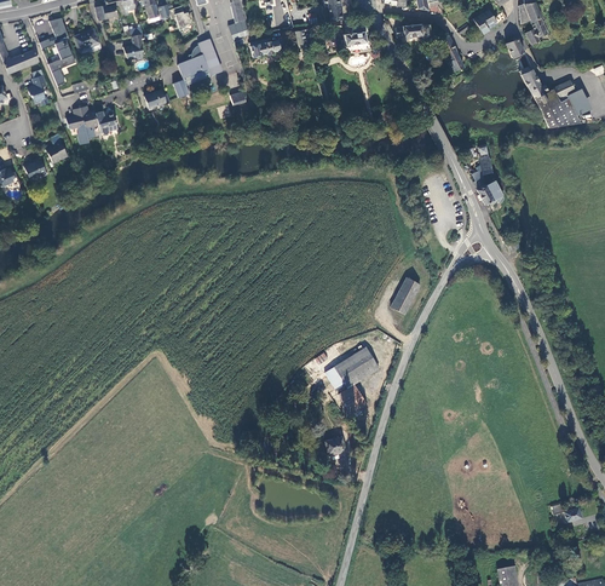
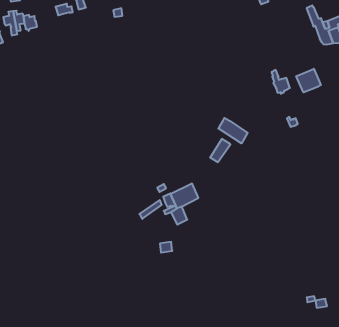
building: none -> [296,69,321,92]
building: none -> [218,118,248,143]

